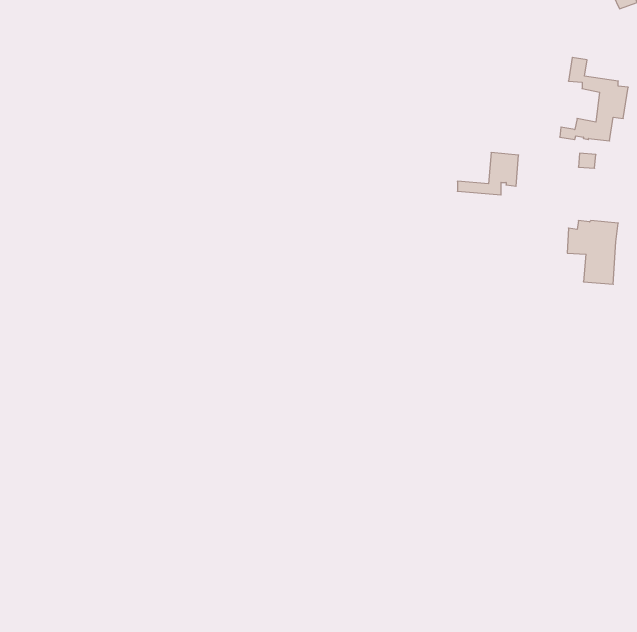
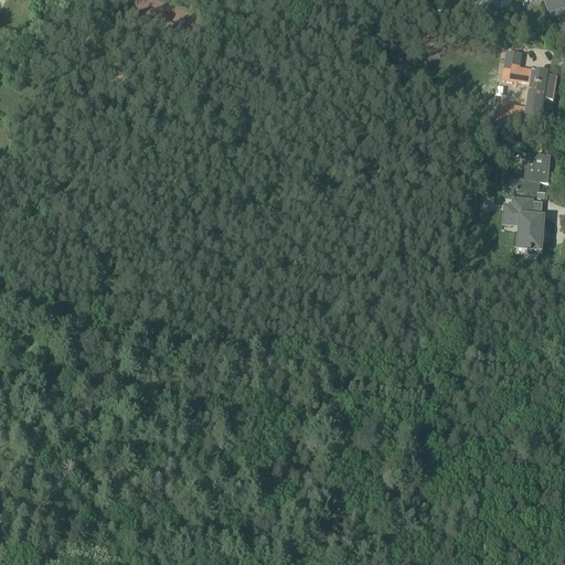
building: [457,153,519,195] -> [497,152,551,190]

